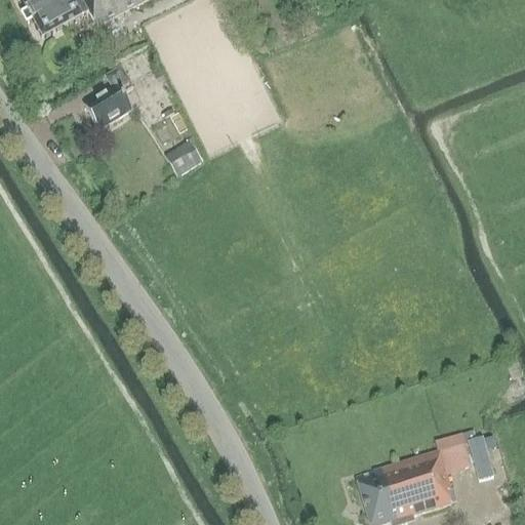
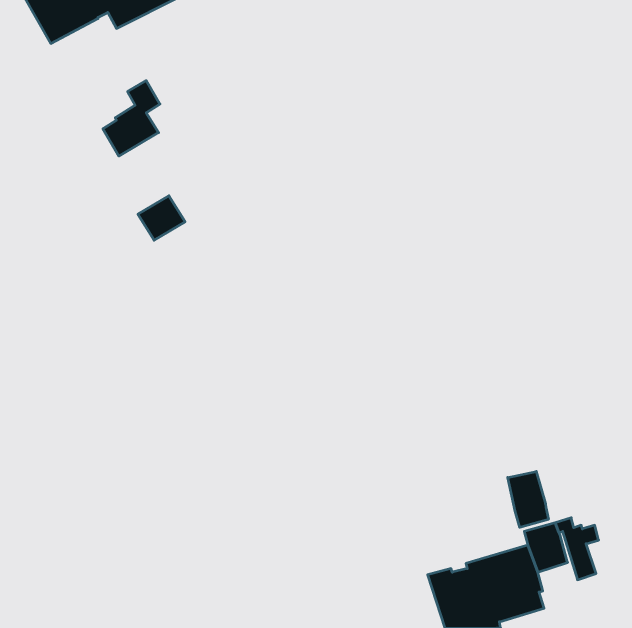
building: [164,138,203,175] -> [138,196,185,240]
building: none -> [508,471,548,527]

